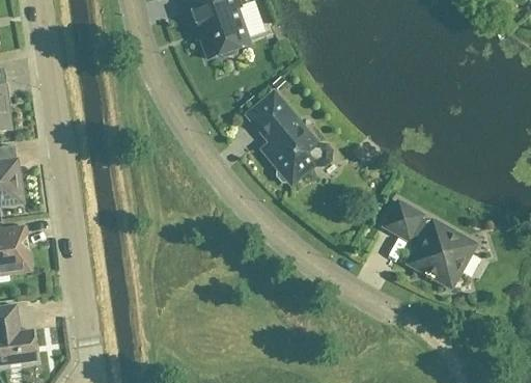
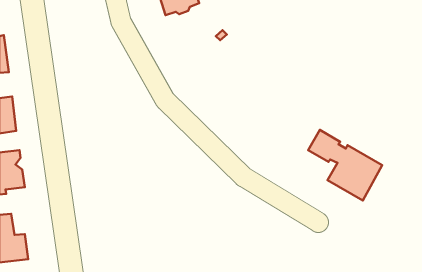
building: [249,91,328,182] -> none

